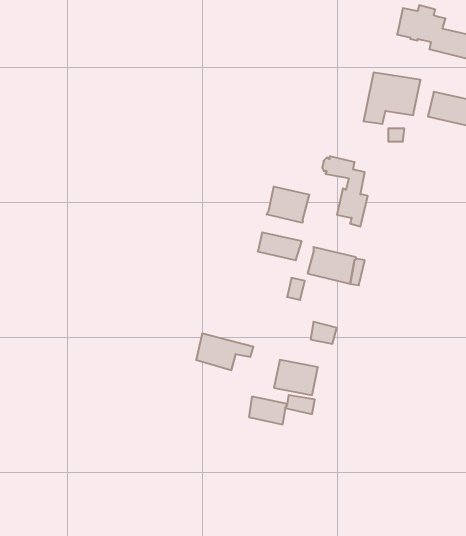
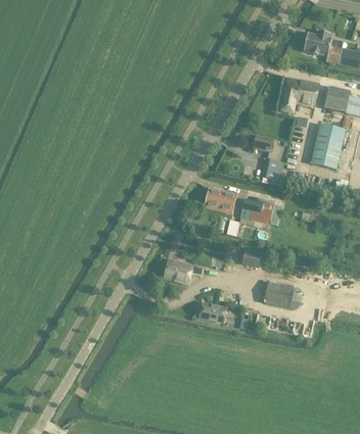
building: none -> [313,124,342,166]
building: [267,186,309,223] -> none
building: [274,360,318,395] -> [263,283,294,307]

